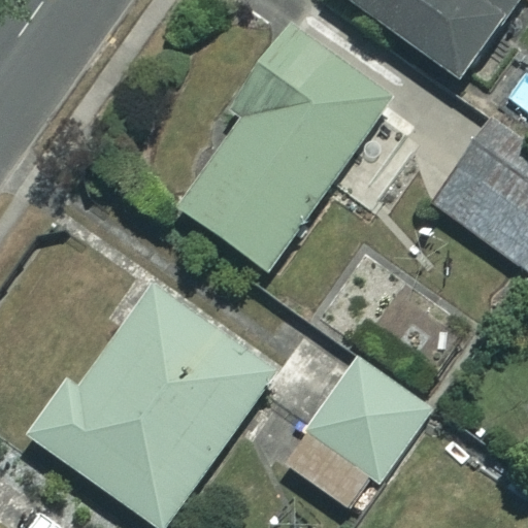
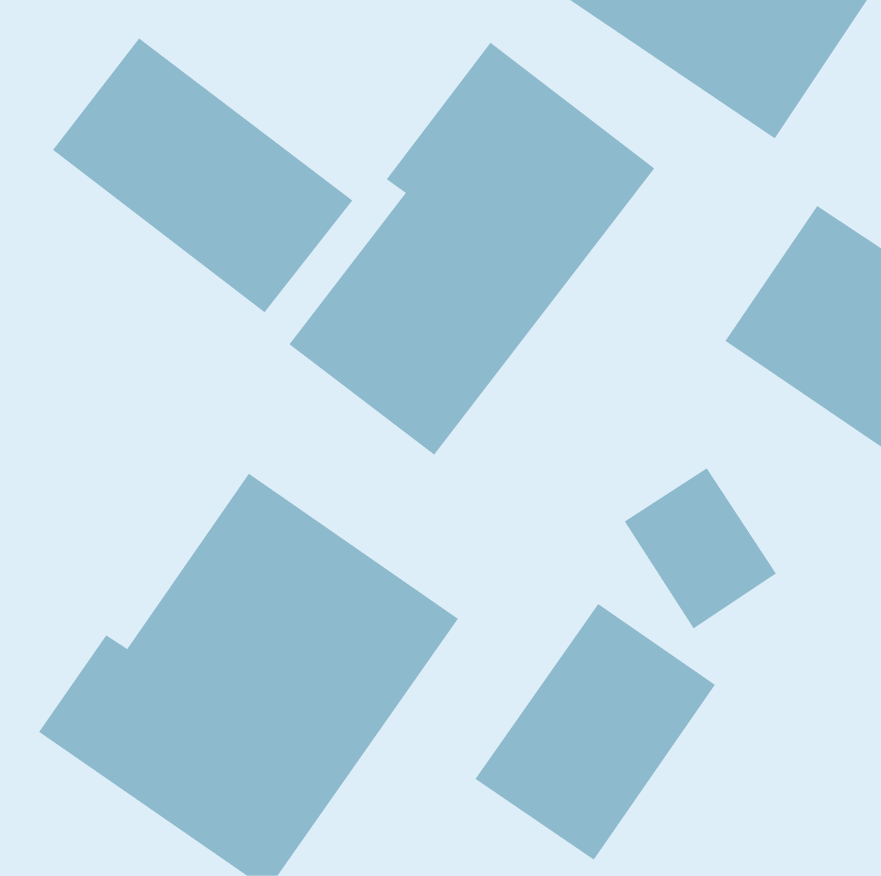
building: none -> [52,37,353,313]

